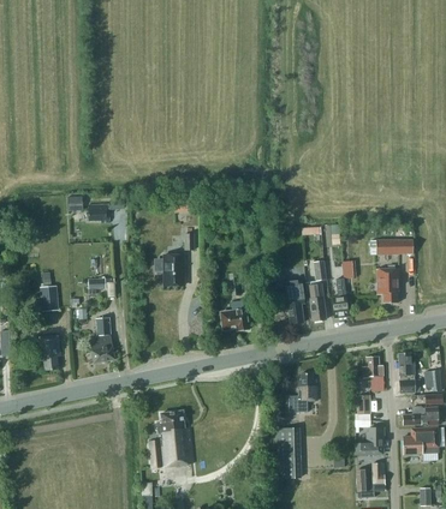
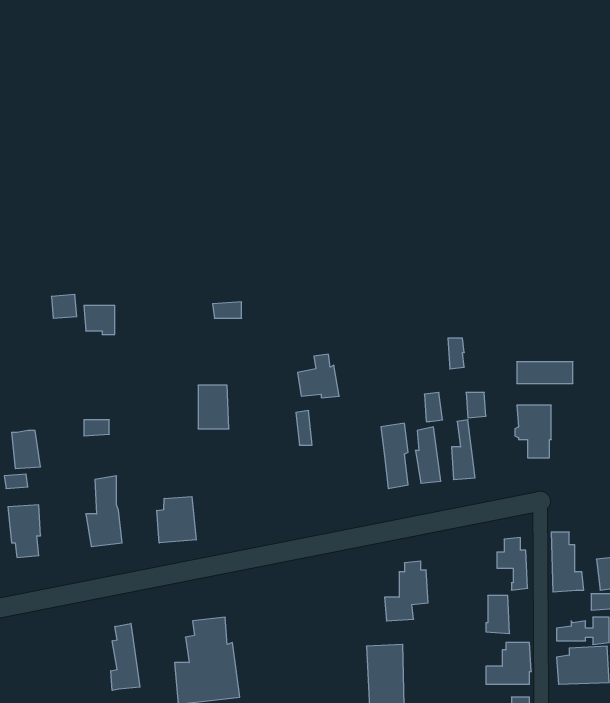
building: [221,301,249,330] -> [298,354,339,398]
building: none -> [157,497,196,543]
building: none -> [111,623,140,690]

